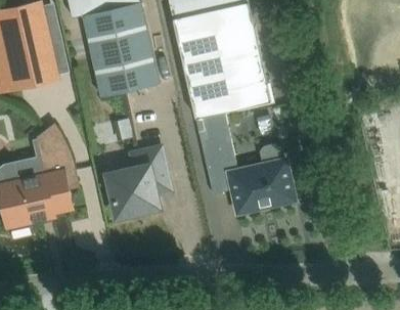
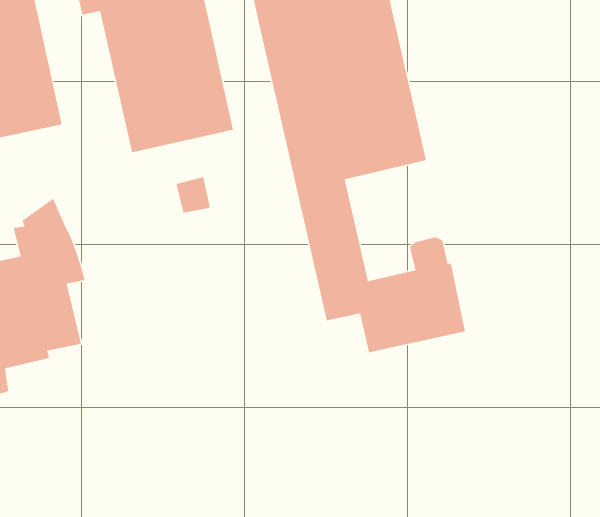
building: [107,149,171,218] -> none

